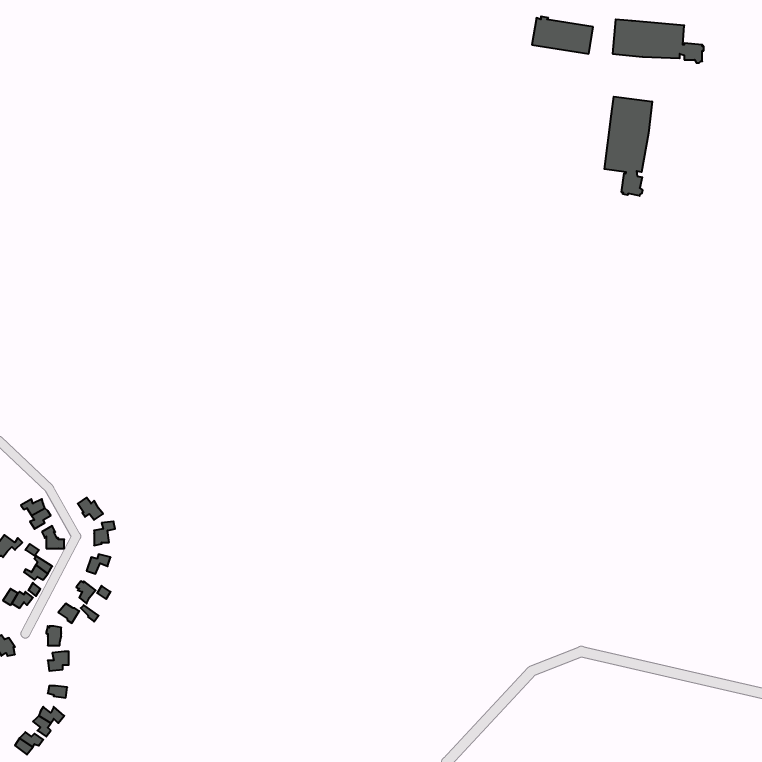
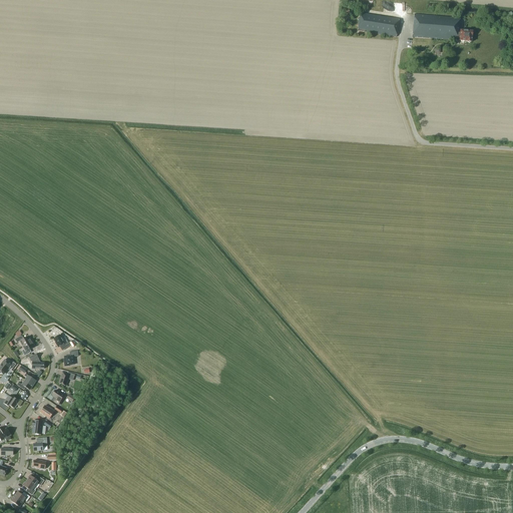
building: [604,97,652,196] -> none

